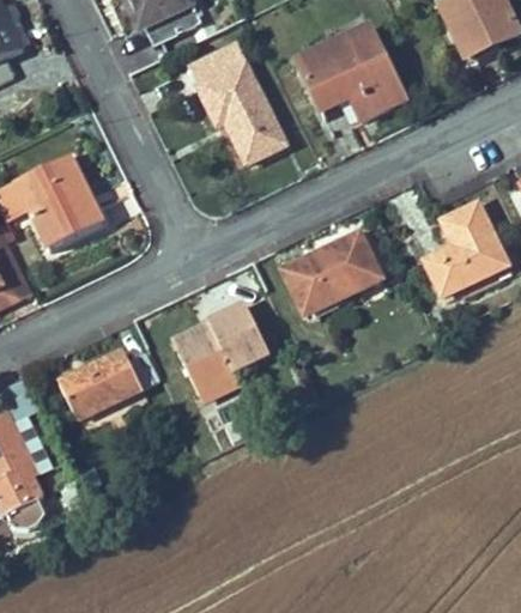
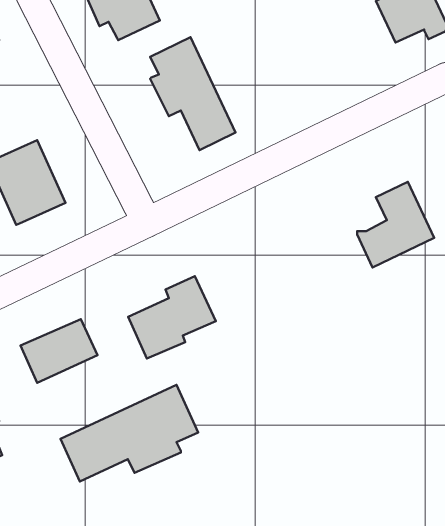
building: [299,28,404,121] -> none
building: [284,233,383,318] -> none
building: none -> [61,385,198,481]

